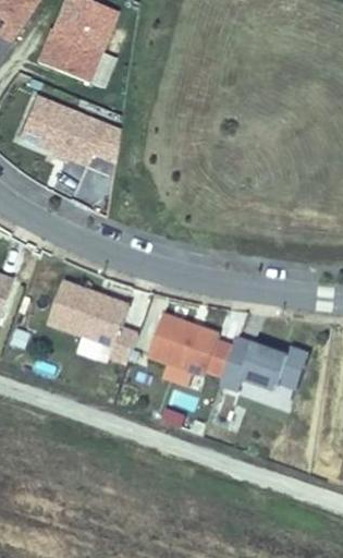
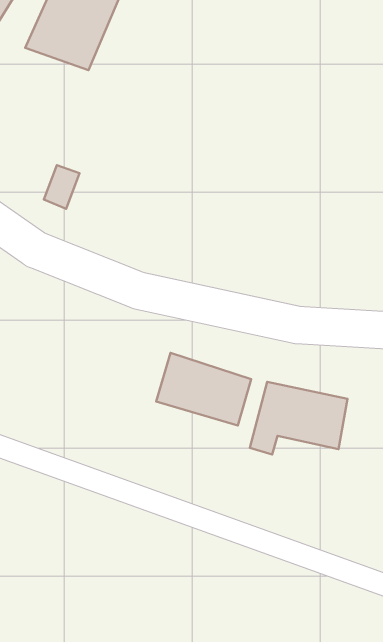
building: [27,101,128,169] -> none
building: [51,284,126,343] -> none

